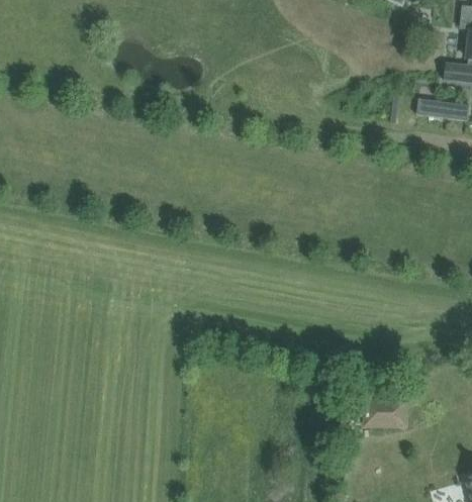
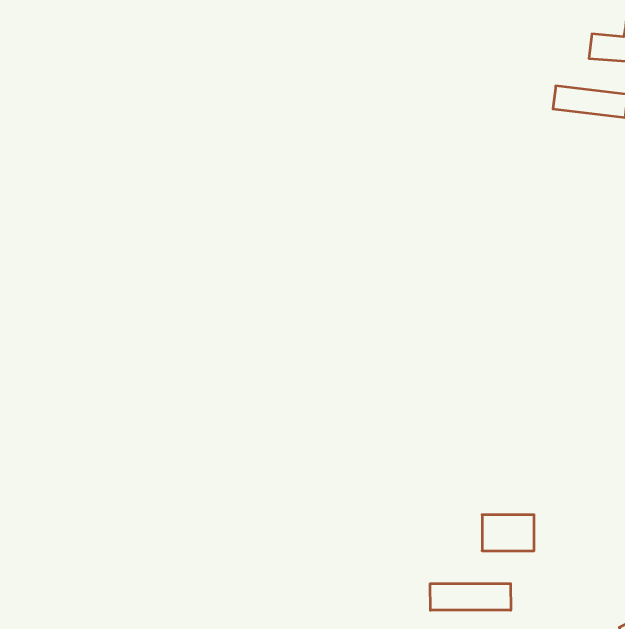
building: none -> [430,584,511,610]

